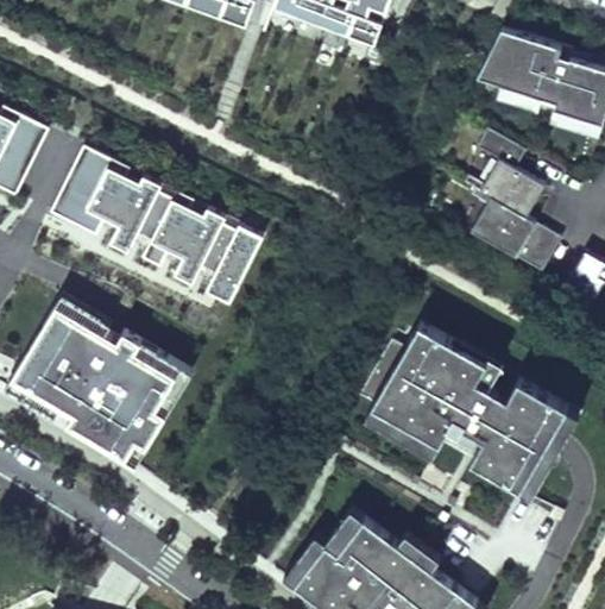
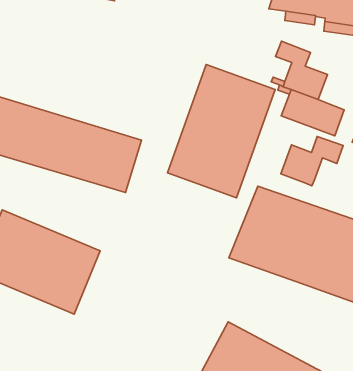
building: none -> [168,65,275,198]
building: none -> [281,136,343,186]

